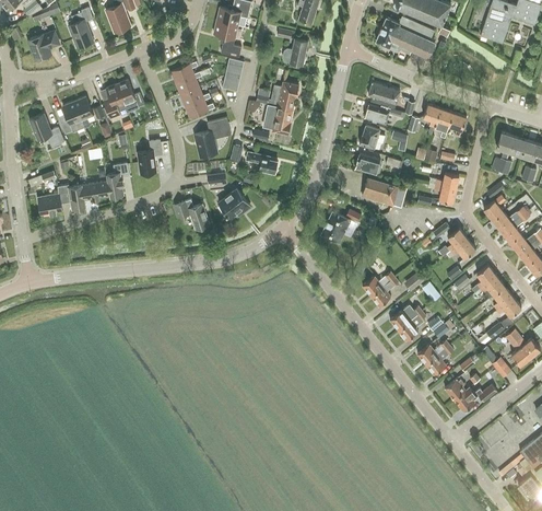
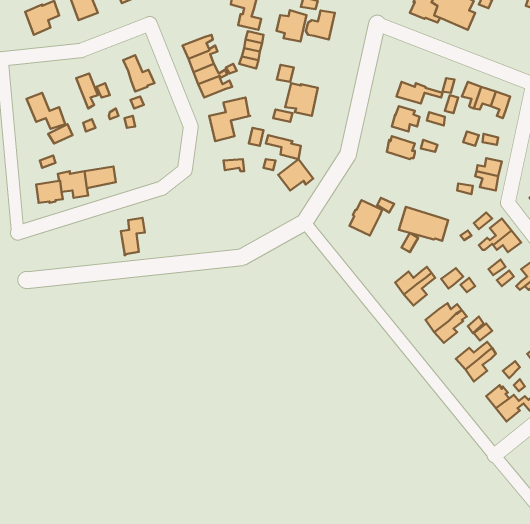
building: [271,81,298,109] -> [276,10,307,42]
building: [368,83,400,109] -> none
building: [104,84,128,118] -> none
building: [60,101,85,133] -> none
building: [138,139,169,174] -> none
building: [107,163,129,197] -> [121,218,145,255]
building: [362,176,406,207] -> [399,207,448,241]
building: [219,189,250,218] -> [278,159,313,191]
building: [174,199,210,230] -> none

